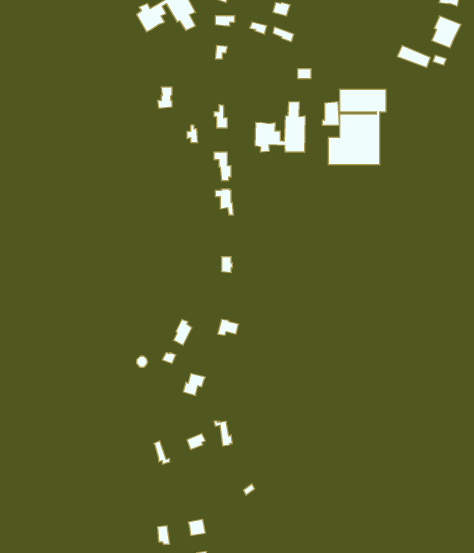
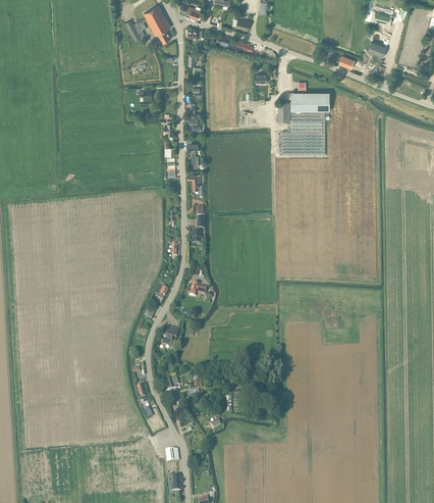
building: [255,102,305,152] -> none

